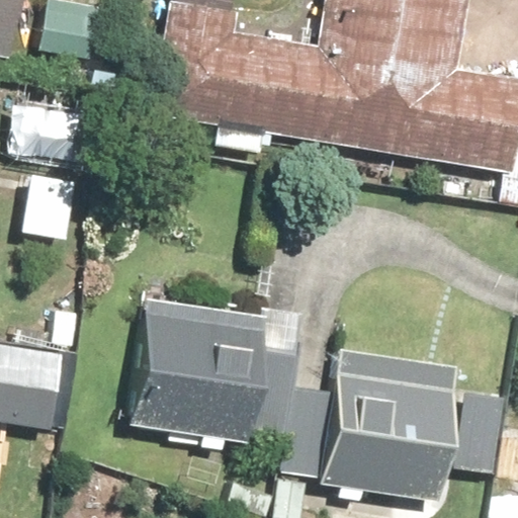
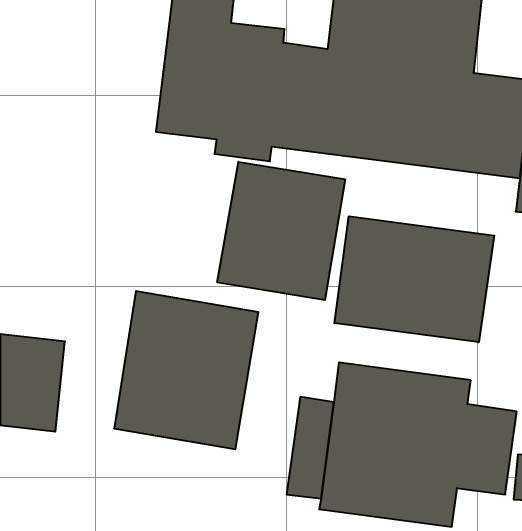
building: none -> [217,162,345,300]
building: none -> [334,216,494,342]

